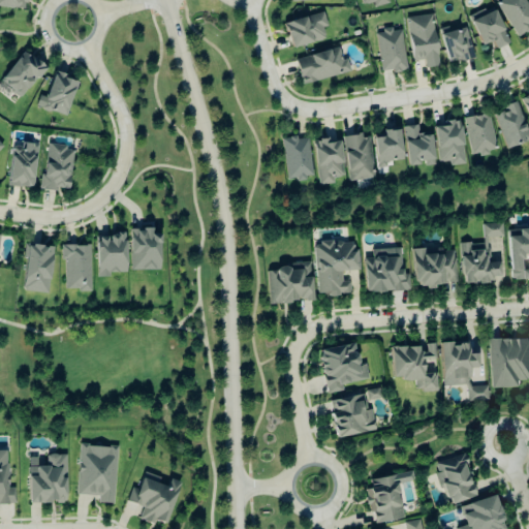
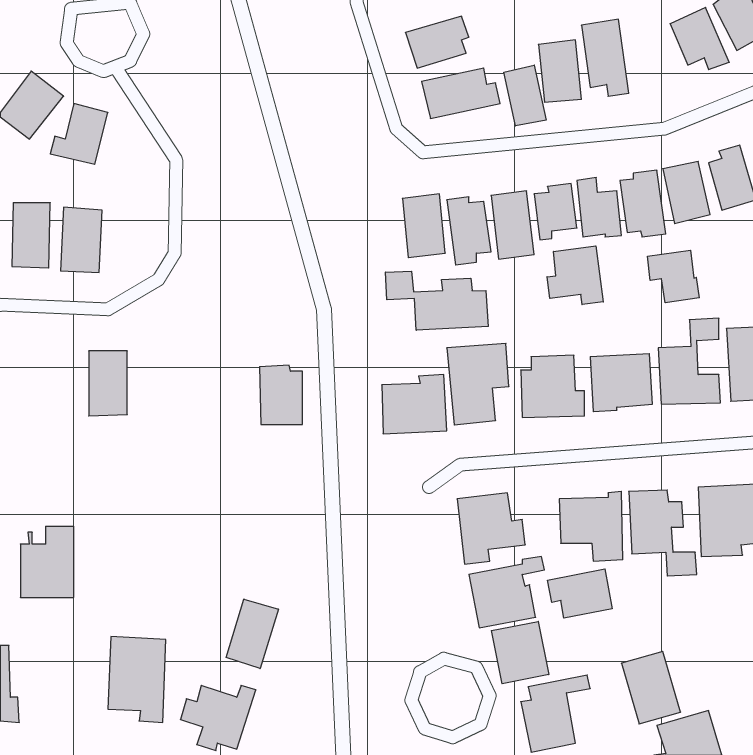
building: [440,26,475,64] -> none
building: none -> [504,65,546,126]
building: none -> [547,246,603,305]
building: none -> [648,250,699,303]
building: none -> [386,271,488,330]
building: [131,228,161,270] -> [260,365,302,424]
building: [97,235,127,277] -> none
building: [25,244,53,292] -> none
building: none -> [548,569,612,618]
building: none -> [226,599,278,669]
building: none -> [491,621,549,684]
building: [30,454,67,503] -> [20,526,74,597]

